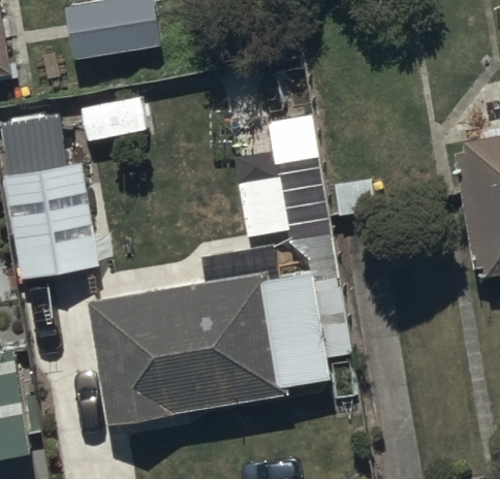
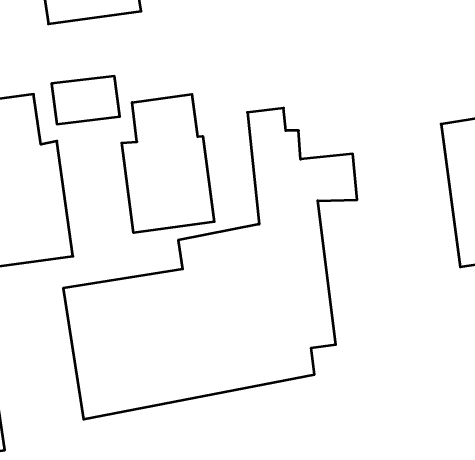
building: none -> [122,94,214,233]

